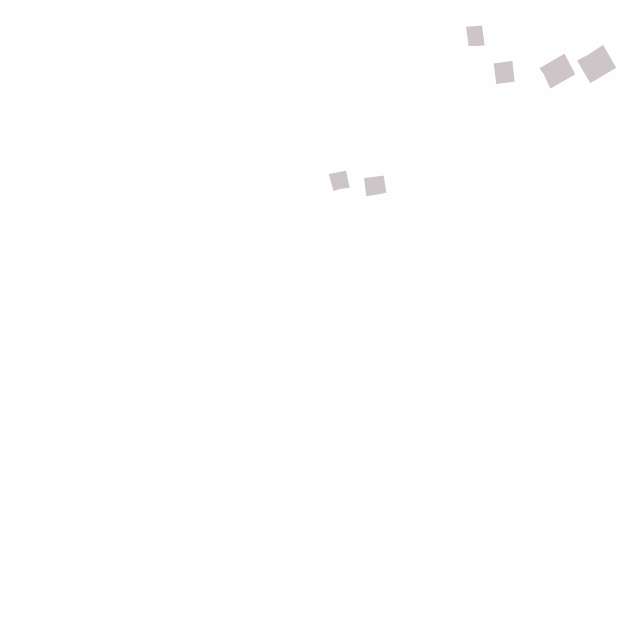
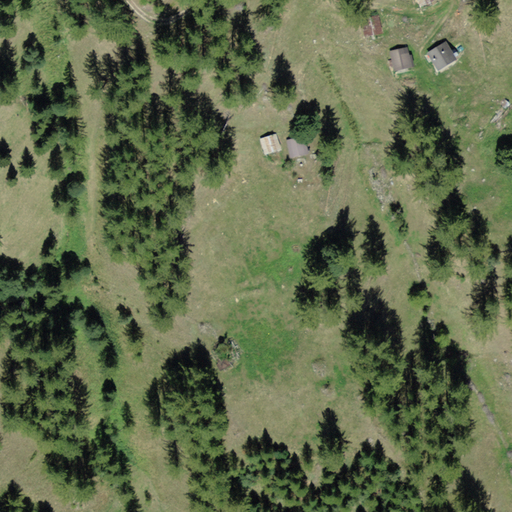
building: [576,44,617,84] -> none

